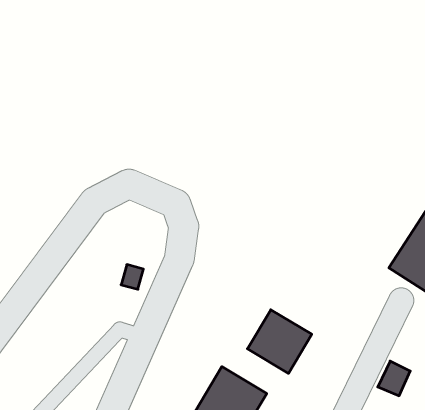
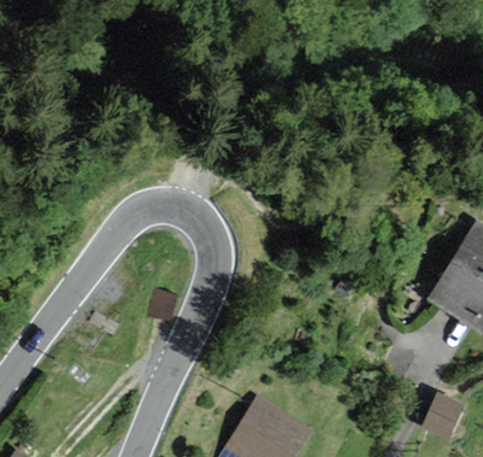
building: [247,310,312,373] -> none

